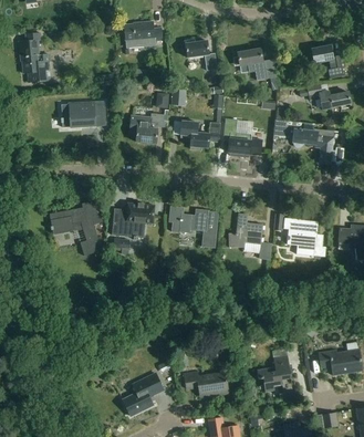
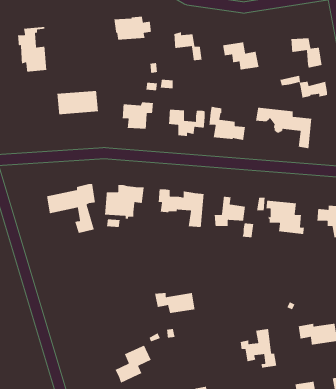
building: [184,372,228,395] -> [154,292,195,314]

